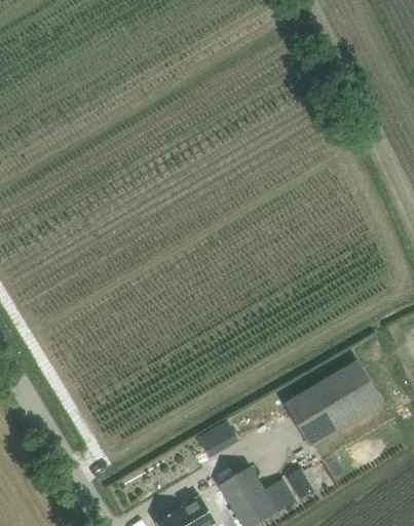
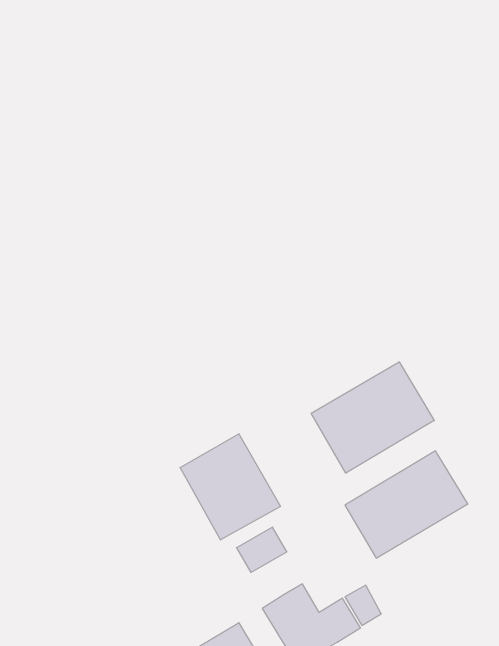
building: none -> [311,362,434,473]
building: none -> [180,434,280,540]

